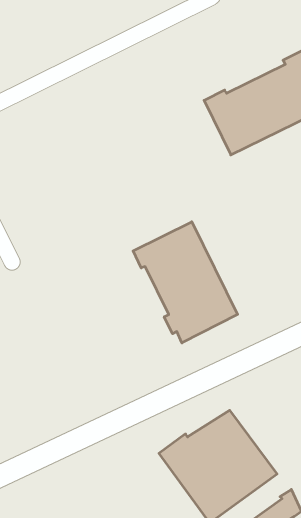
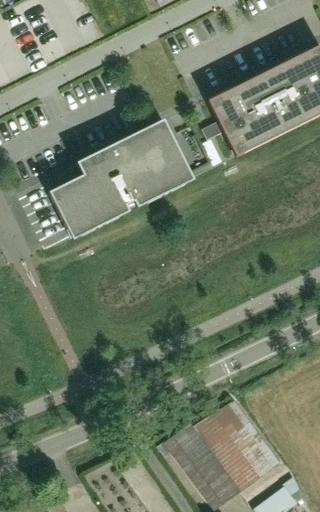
building: none -> [49,122,191,235]
building: [133,222,238,343] -> none

